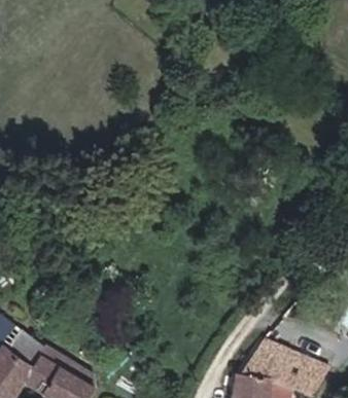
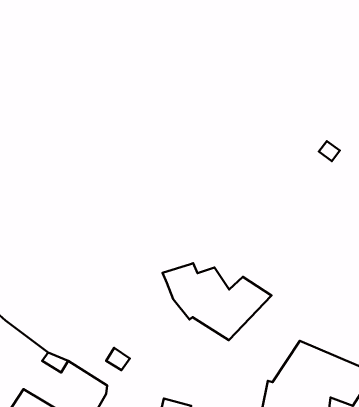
building: none -> [162,263,272,340]

